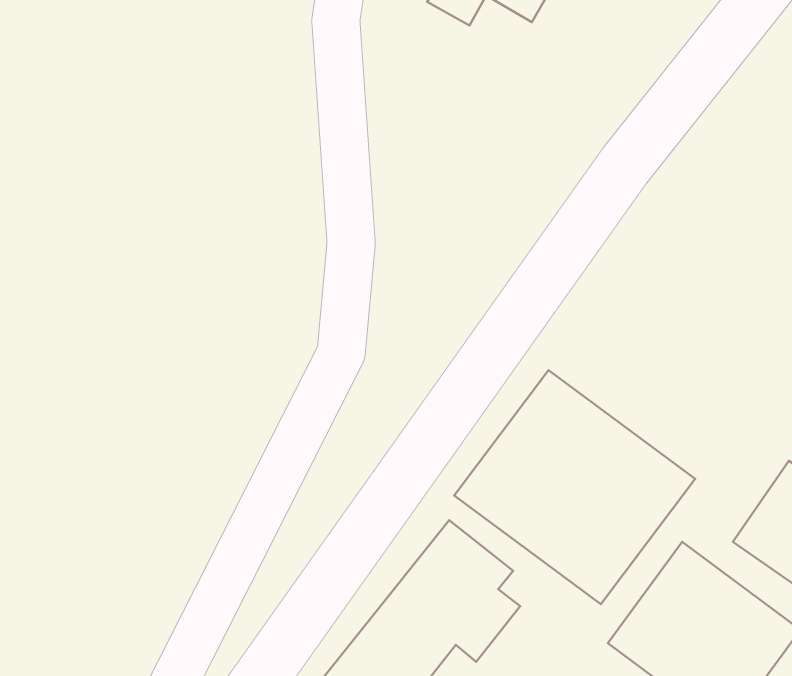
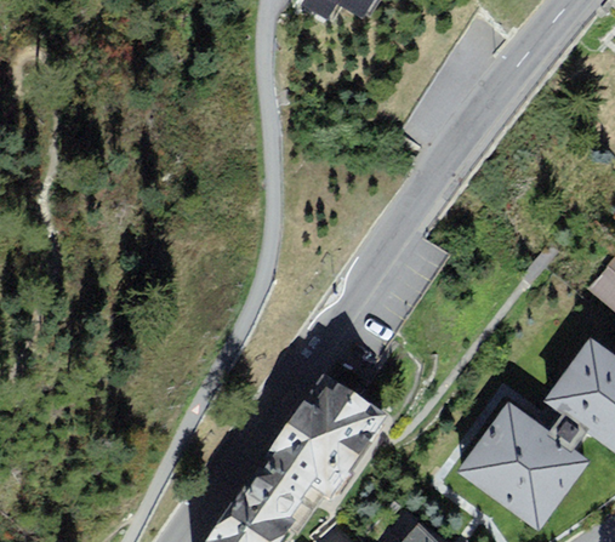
building: [454,370,695,604] -> none

